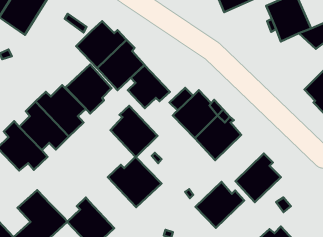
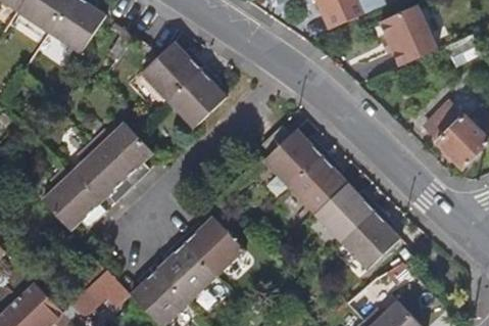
building: [66,64,111,114] -> none
building: [128,65,170,108] -> none
building: [110,106,158,157] -> [157,238,216,302]
building: [195,182,244,228] -> [315,185,377,243]

